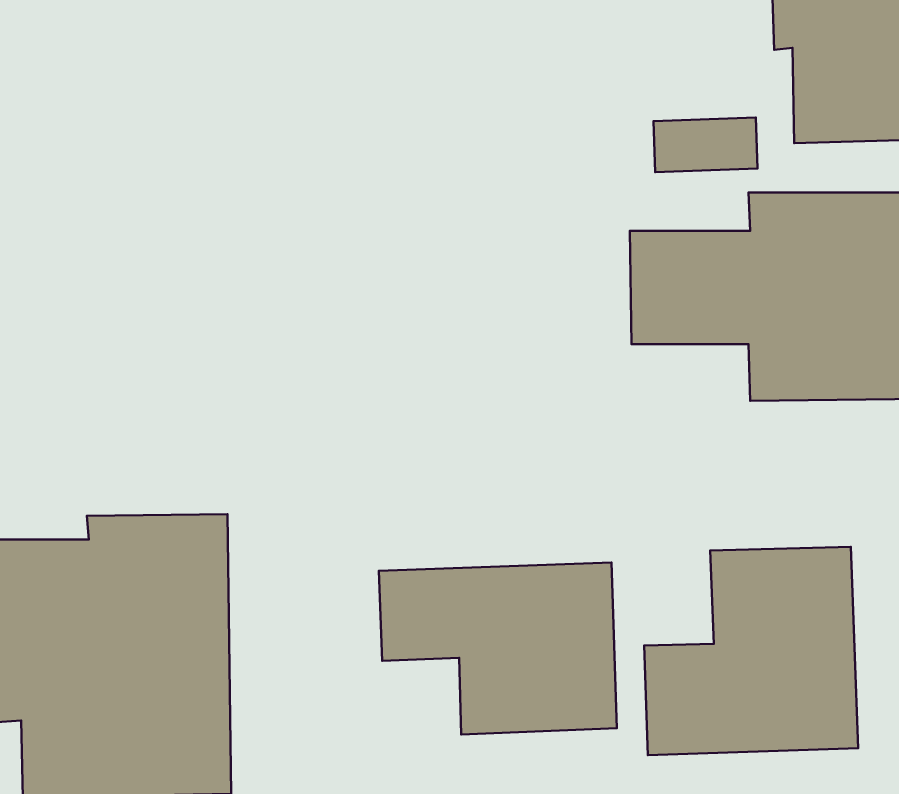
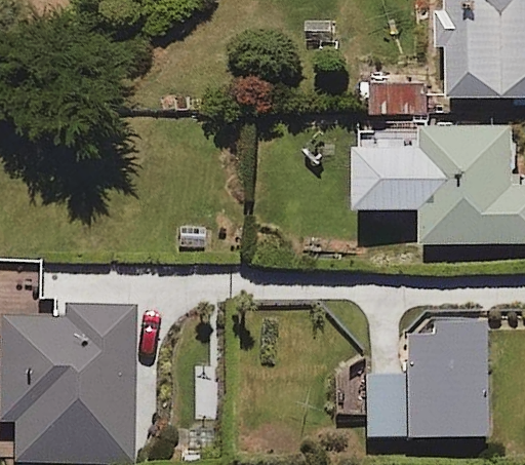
building: [379,563,617,735] -> none

